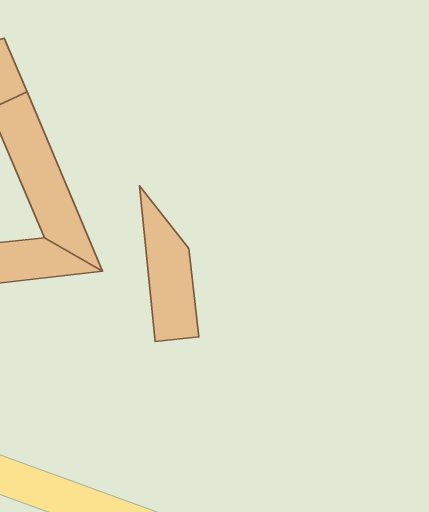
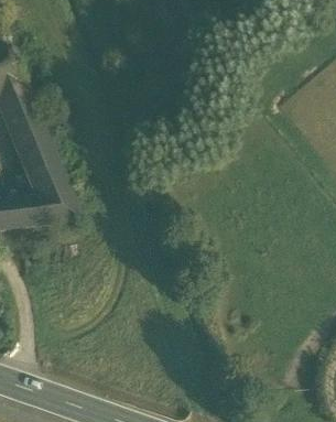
building: [140,186,199,341] -> none

